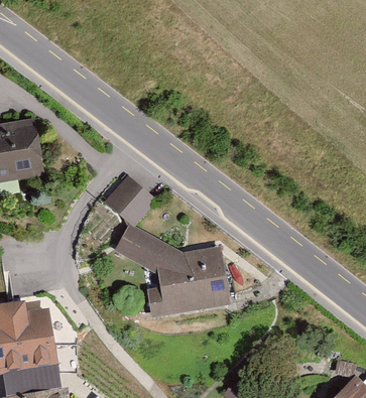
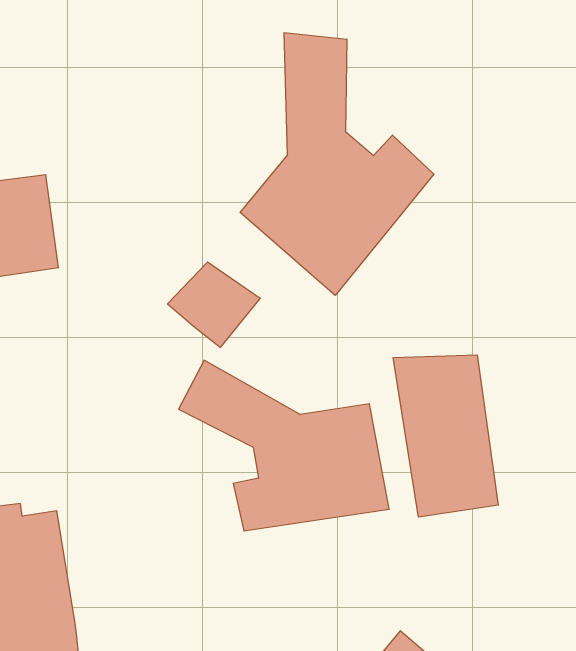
building: none -> [240,33,434,295]
building: none -> [393,355,498,517]

